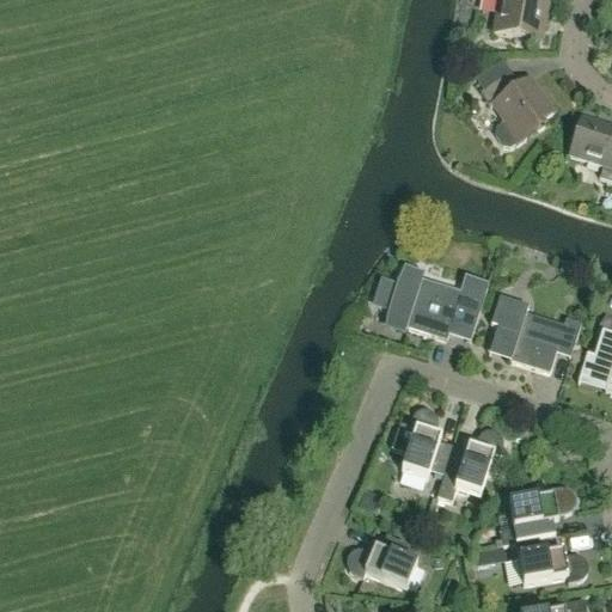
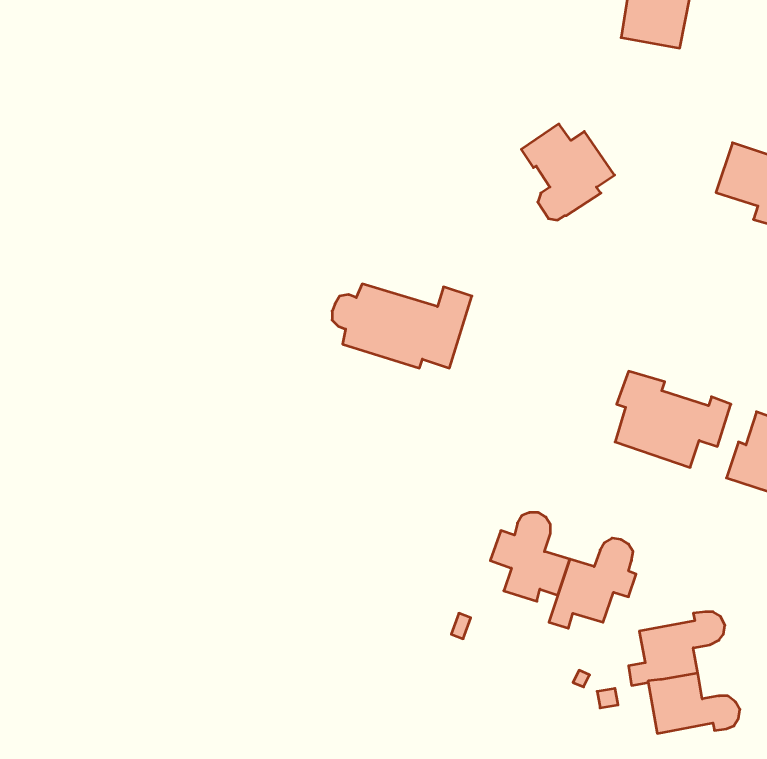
building: [482,69,556,146] -> [521,124,615,220]
building: [378,271,489,338] -> [332,284,472,368]
building: [347,534,417,588] -> none

